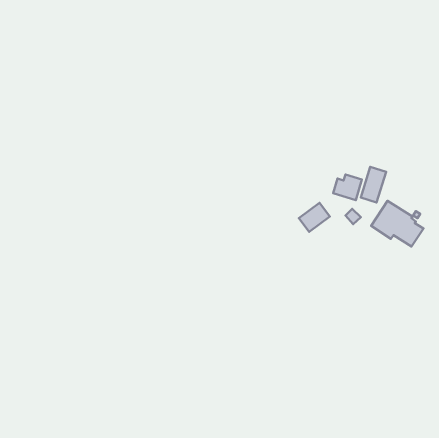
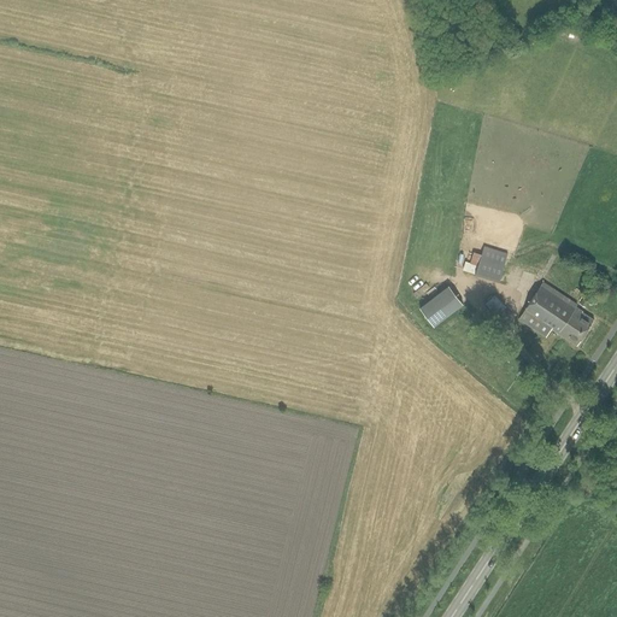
building: [361,167,386,202] -> none

